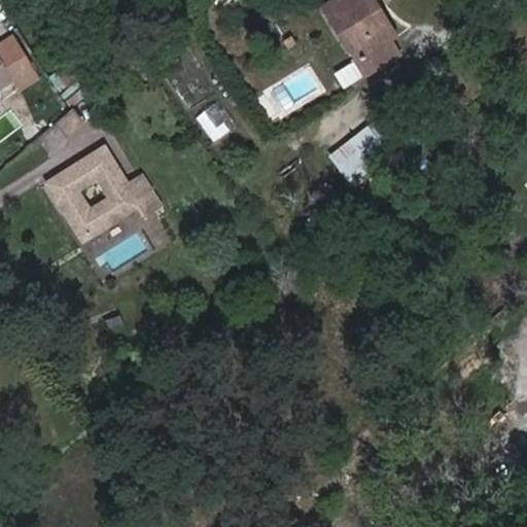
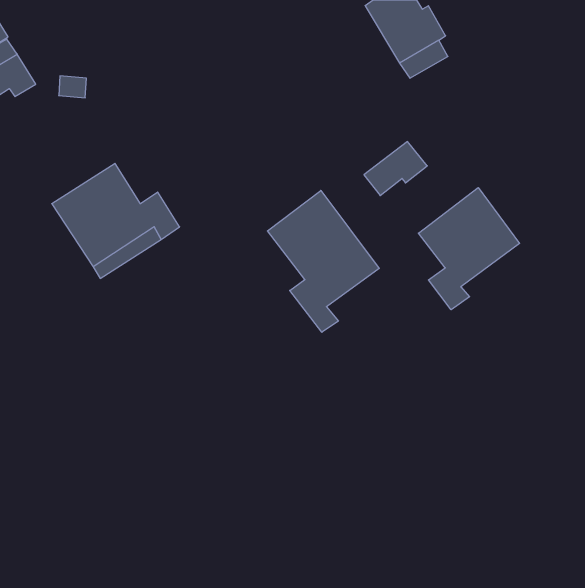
building: none -> [418,188,520,310]
building: none -> [267,190,379,332]

